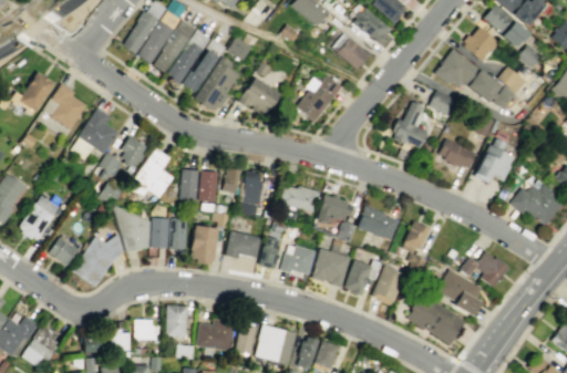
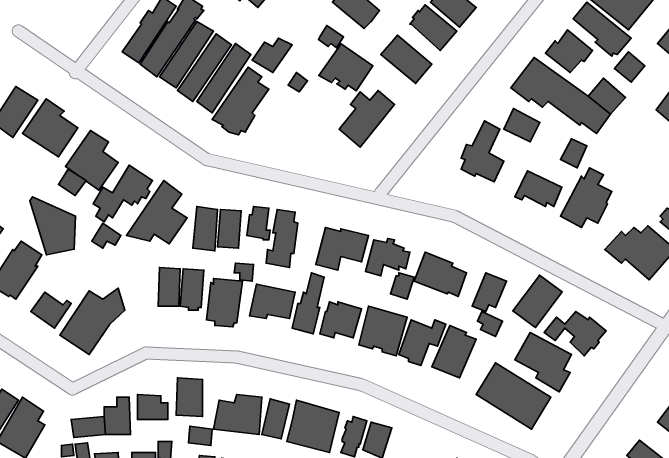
building: [237,76,280,114] -> [319,44,373,91]
building: [114,205,151,251] -> [30,197,75,255]
building: none -> [513,275,562,327]

